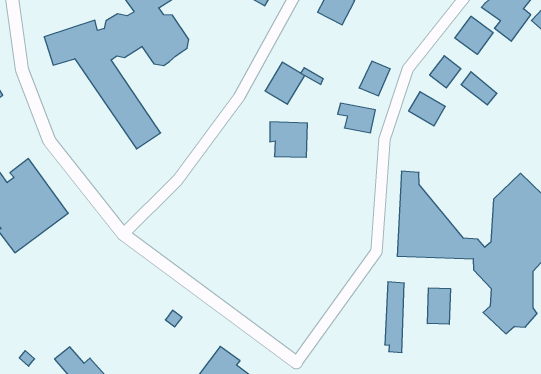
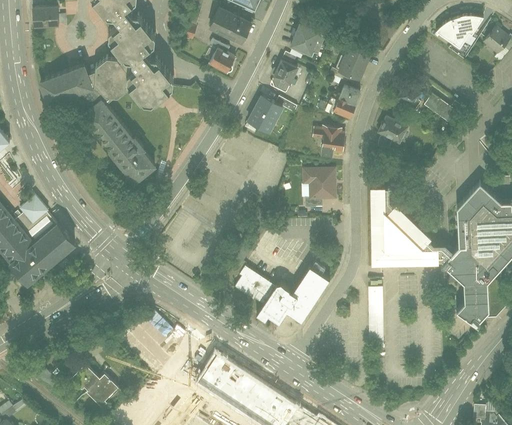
building: none -> [210,49,239,77]
building: none -> [337,45,370,81]
building: [455,16,493,54] -> none
building: none -> [270,59,303,93]
building: [270,122,307,157] -> [302,168,337,200]
building: none -> [232,261,325,323]
building: [427,288,450,324] -> none

